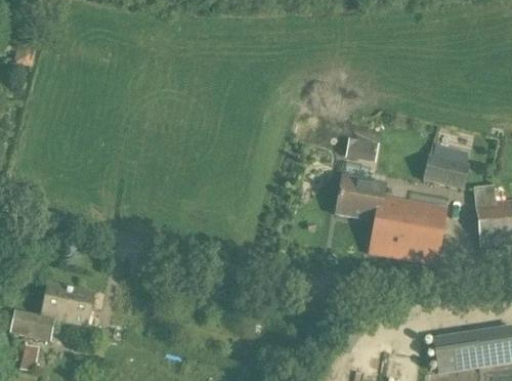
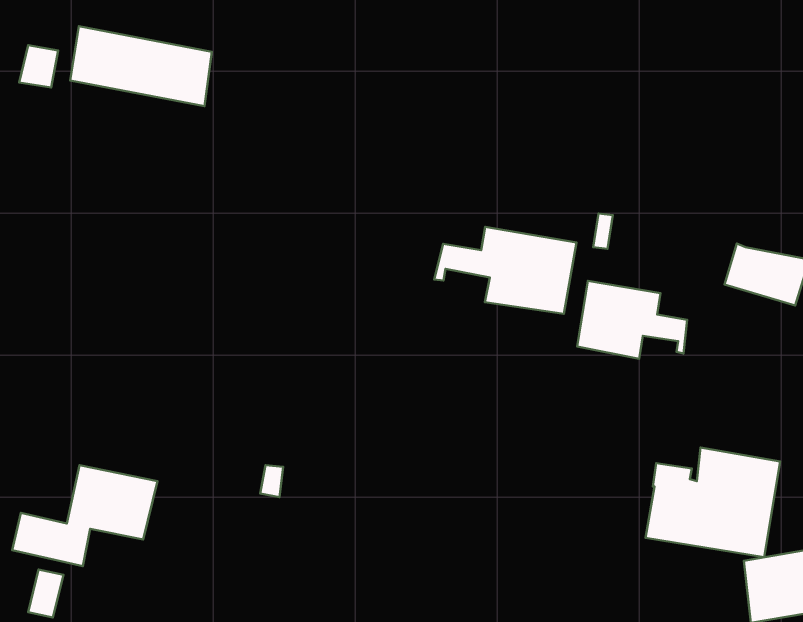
building: none -> [70,26,212,106]
building: none -> [434,227,577,314]
building: [369,199,446,262] -> [646,447,780,557]

